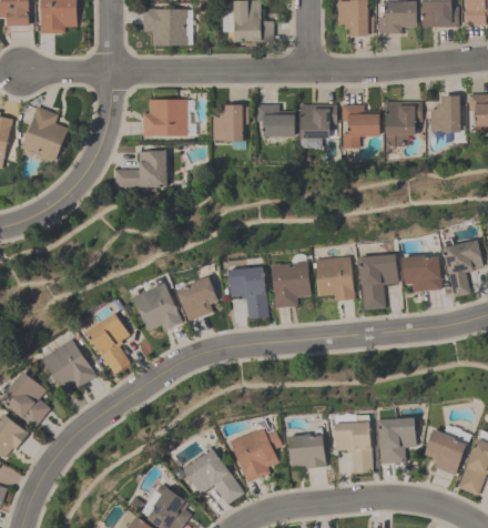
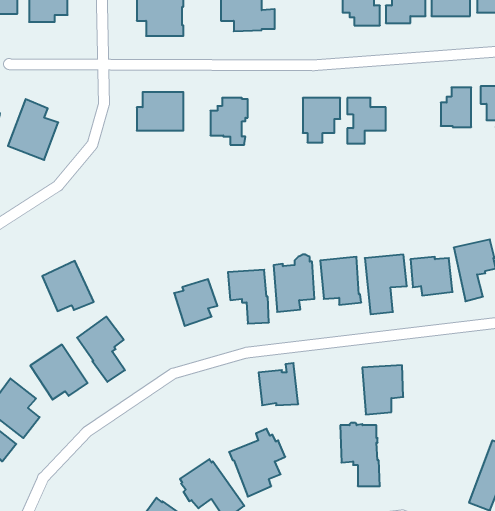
building: [385,101,421,146] -> none
building: [256,104,294,135] -> none
building: [114,150,165,191] -> none
building: [133,283,182,331] -> [42,261,94,311]
building: [377,417,416,464] -> [362,365,403,414]
building: [288,427,326,467] -> [259,363,298,405]
building: [424,428,467,475] -> none

